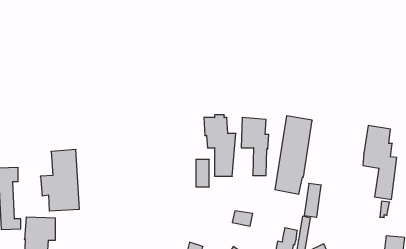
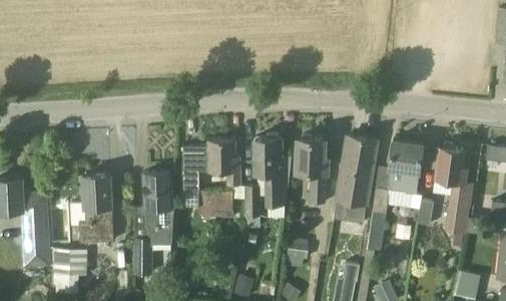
building: none -> [180,138,238,212]
building: none -> [372,139,422,212]
building: none -> [133,171,171,274]

